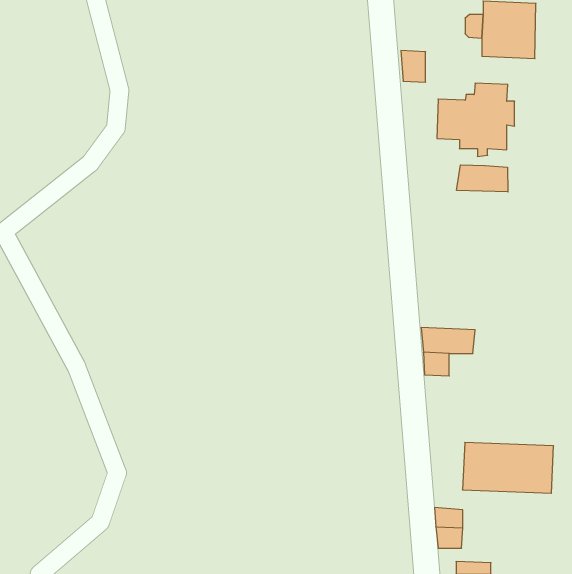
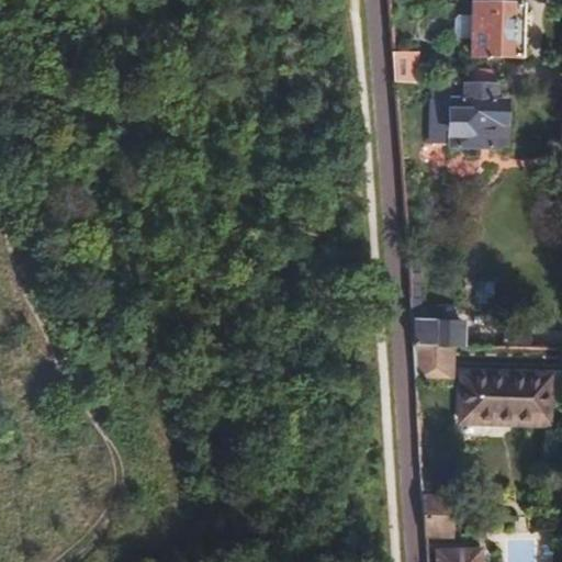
building: [457,165,508,192] -> none
building: [462,443,554,493] -> [461,373,550,423]

